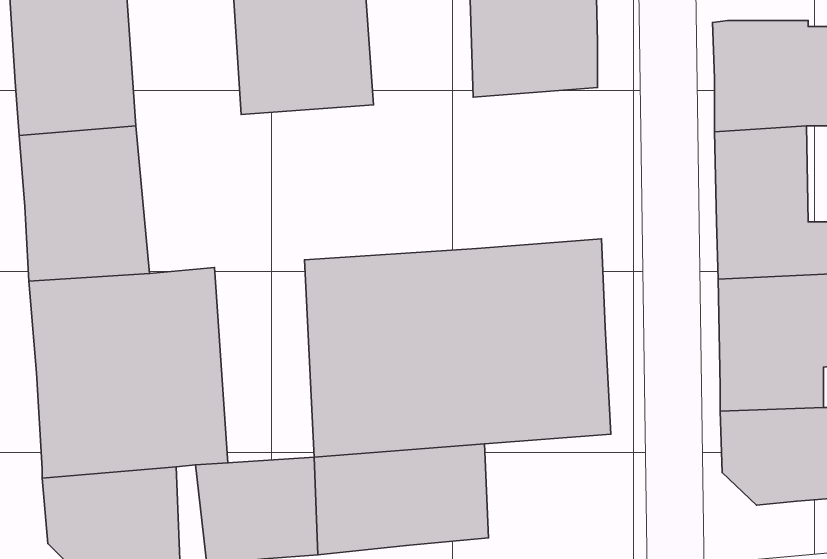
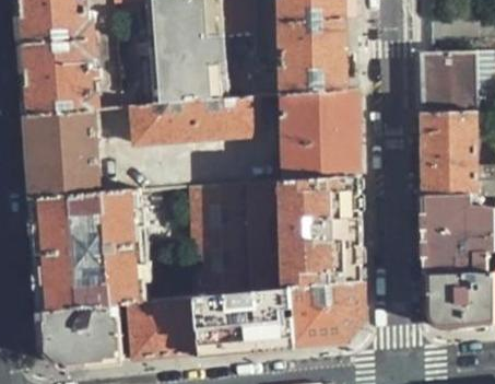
building: none -> [284,88,357,179]
building: none -> [129,95,257,142]
building: none -> [291,286,363,345]

